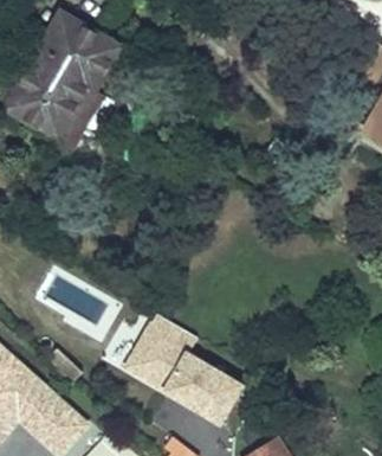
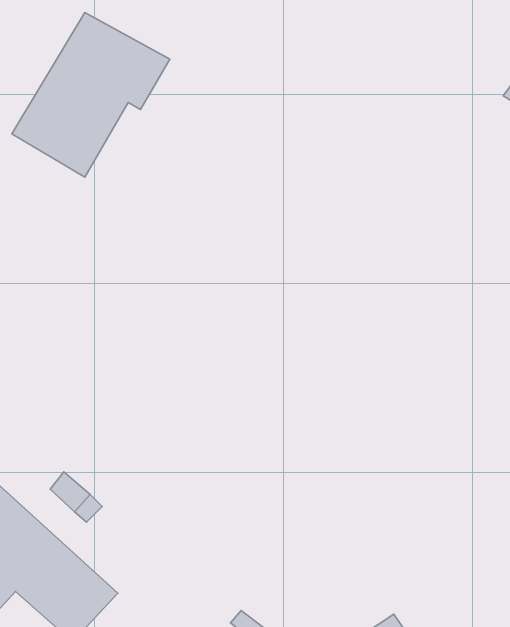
building: [116,310,233,420] -> none

